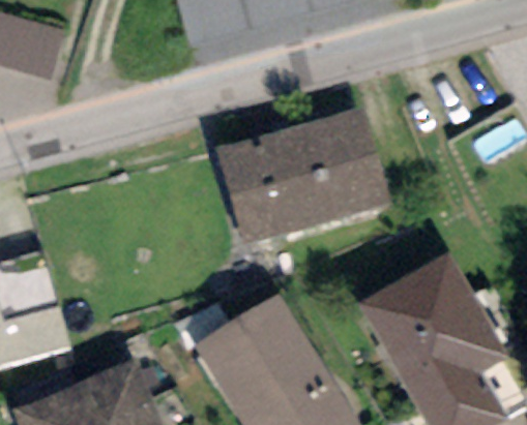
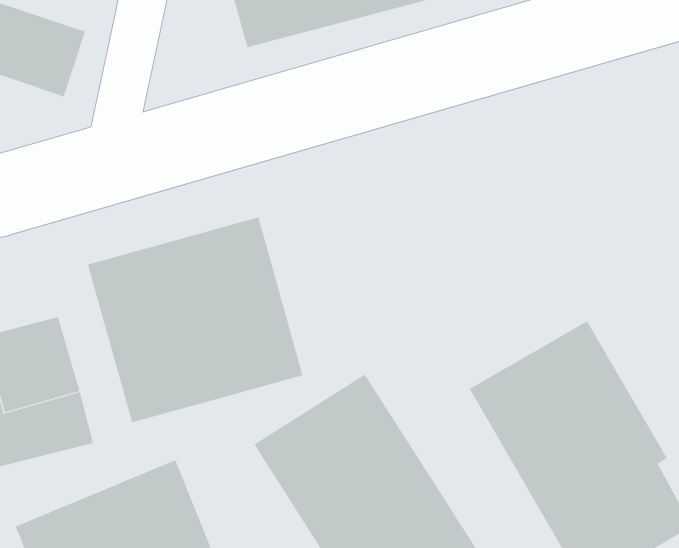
building: [215,105,392,244] -> none
building: none -> [87,217,303,423]

